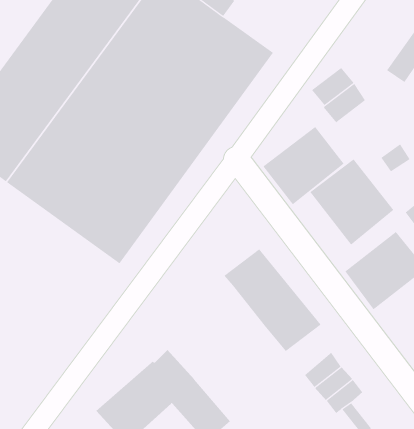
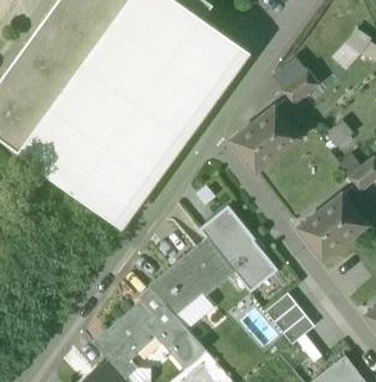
building: [309,158,394,245] -> none
building: none -> [149,239,234,317]

